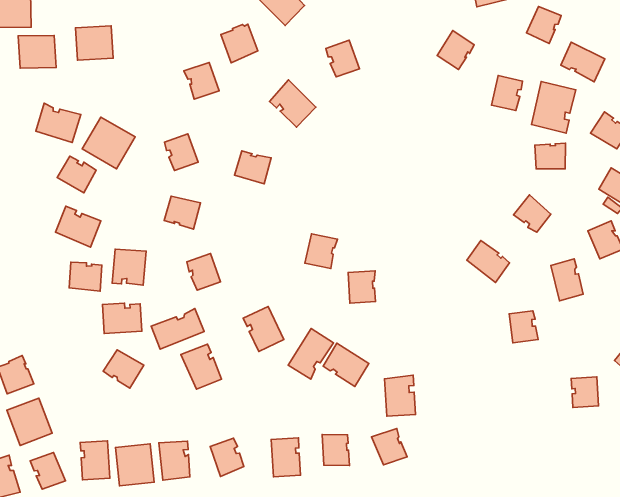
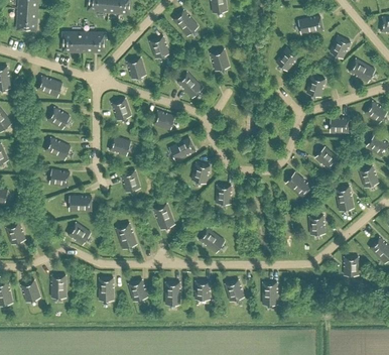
building: [18,35,56,68] -> [84,31,105,51]
building: [532,81,576,133] -> none
building: [82,117,135,169] -> none
building: none -> [167,136,194,161]
building: [112,249,146,285] -> none
building: [151,308,204,349] -> none
building: [288,329,334,379] -> none
building: [384,375,416,416] -> [260,281,277,305]
building: [7,398,52,445] -> none
building: [115,444,154,486] -> none

